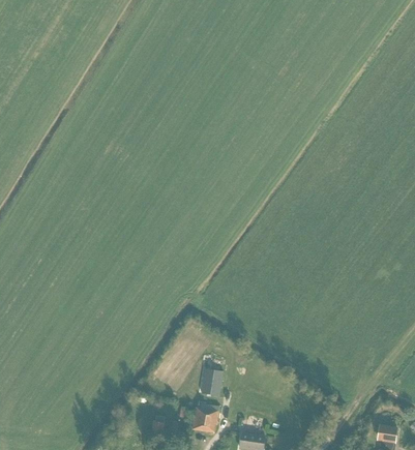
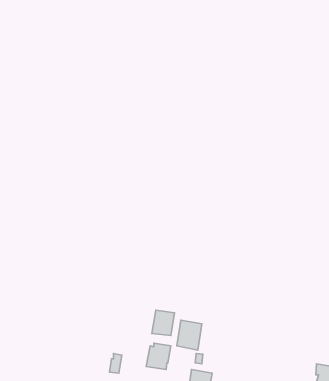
building: none -> [177,320,202,350]

